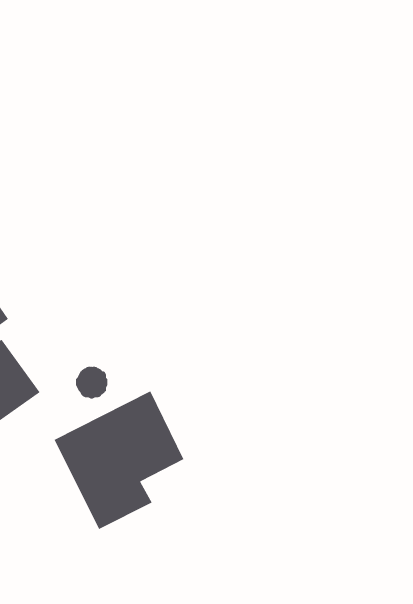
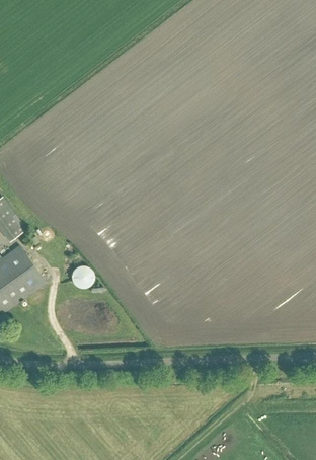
building: [54,390,184,530] -> none

